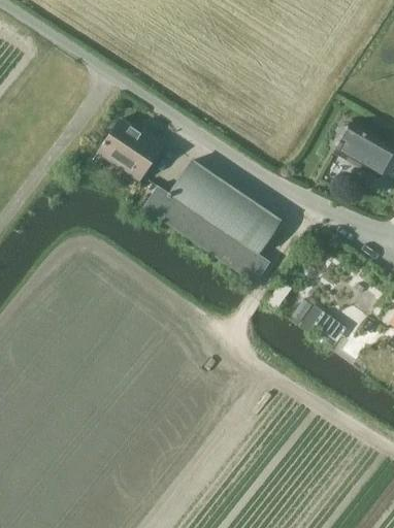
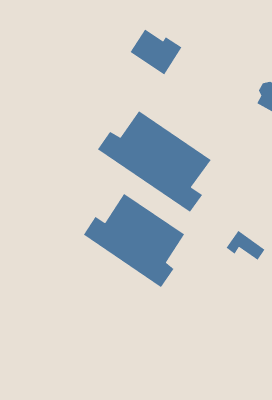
building: [102,120,166,176] -> [129,28,183,75]
building: none -> [83,193,185,288]

